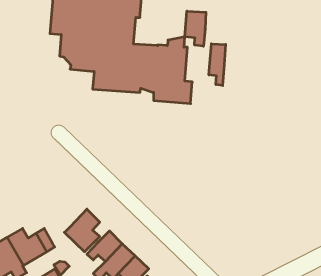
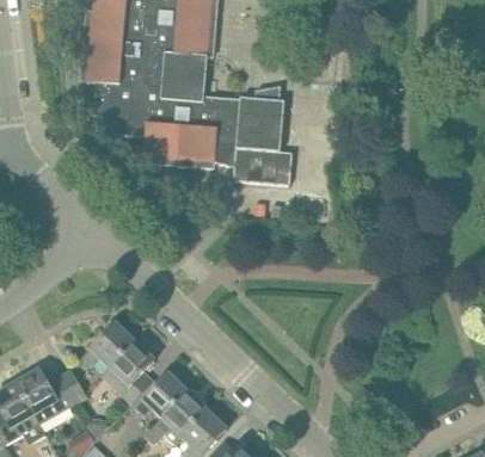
building: [185,11,206,46] -> none
building: [209,44,226,86] -> none
building: none -> [82,322,135,366]

